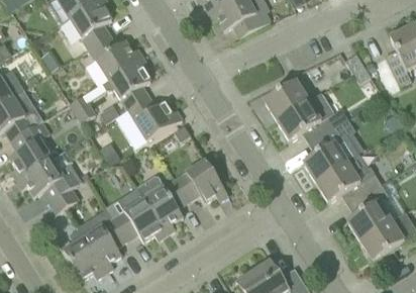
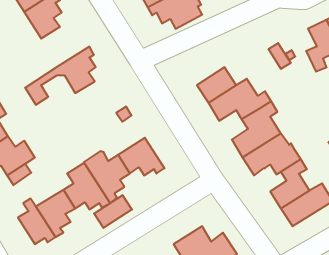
building: [88,34,142,79] -> none
building: [126,96,181,140] -> none
building: none -> [94,195,132,228]

